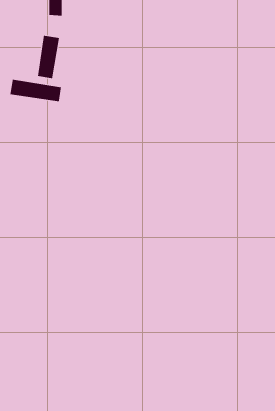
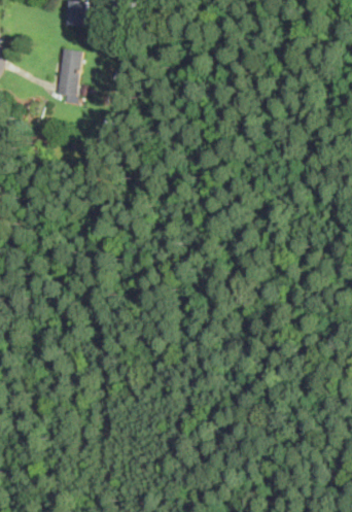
building: [10,79,61,102] -> none

